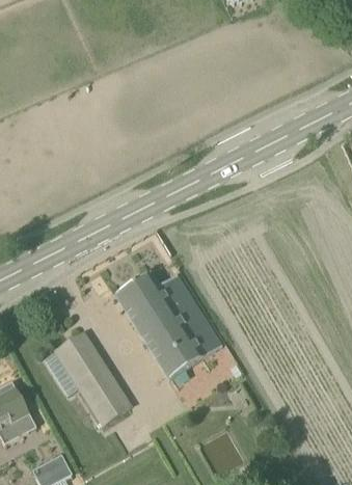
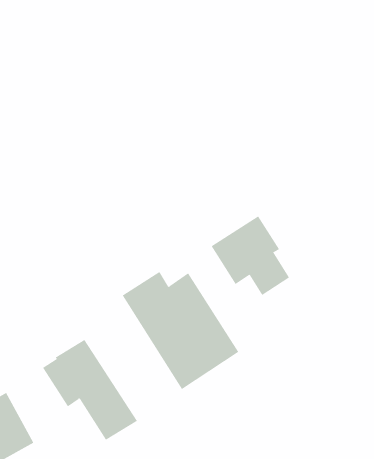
building: none -> [211,215,290,296]

